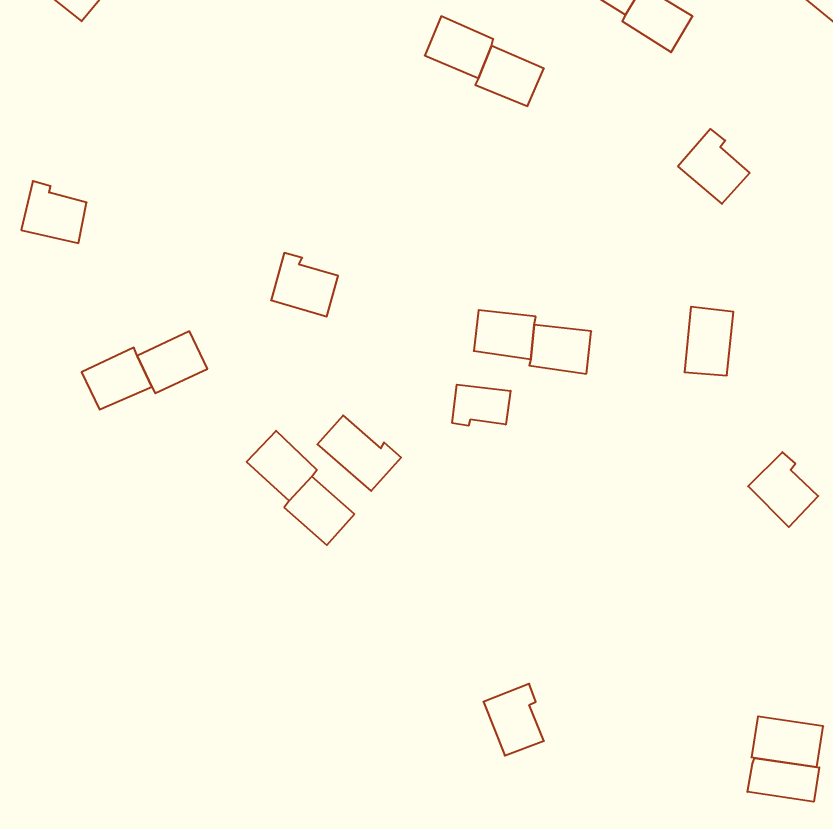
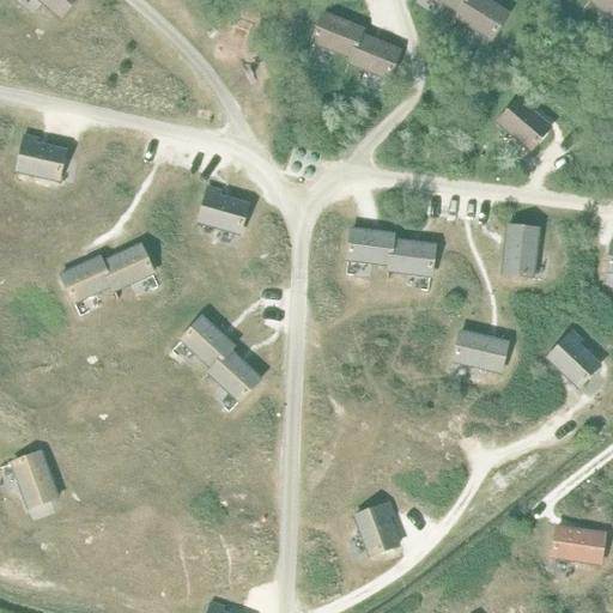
building: [452,385,511,426] -> none
building: [317,415,401,491] -> none
building: none -> [455,330,509,372]
building: none -> [12,450,57,506]
building: [747,758,819,802] -> none

